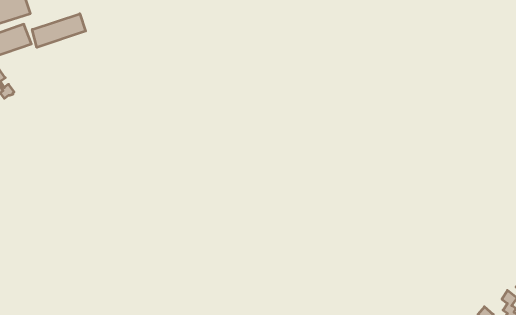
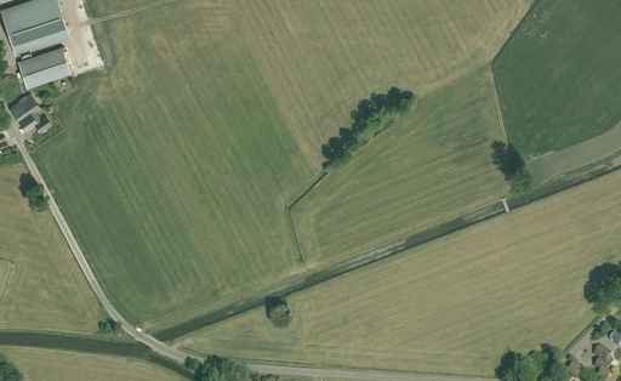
building: [32,14,86,47] -> none

